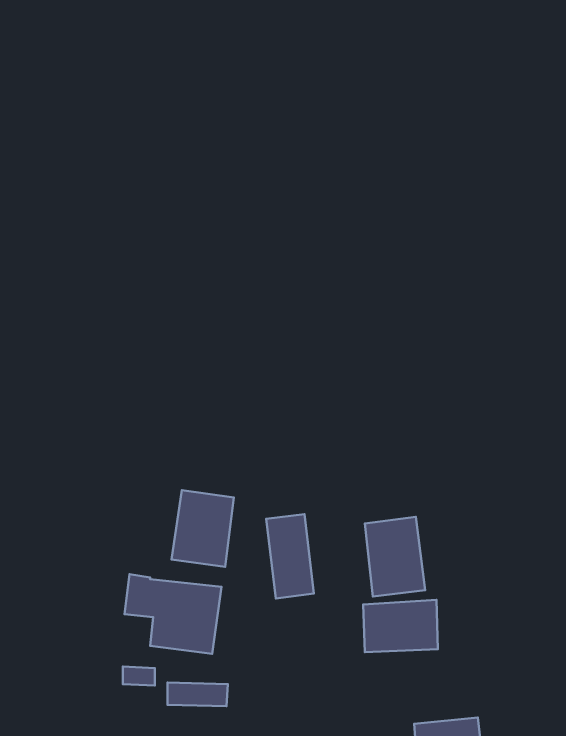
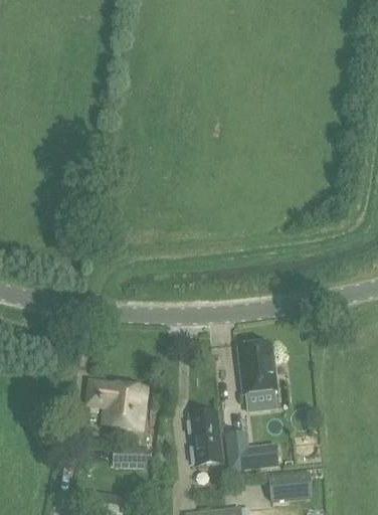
building: [172,490,234,567] -> none
building: [266,514,314,598] -> [191,410,221,464]
building: none -> [225,430,280,469]

